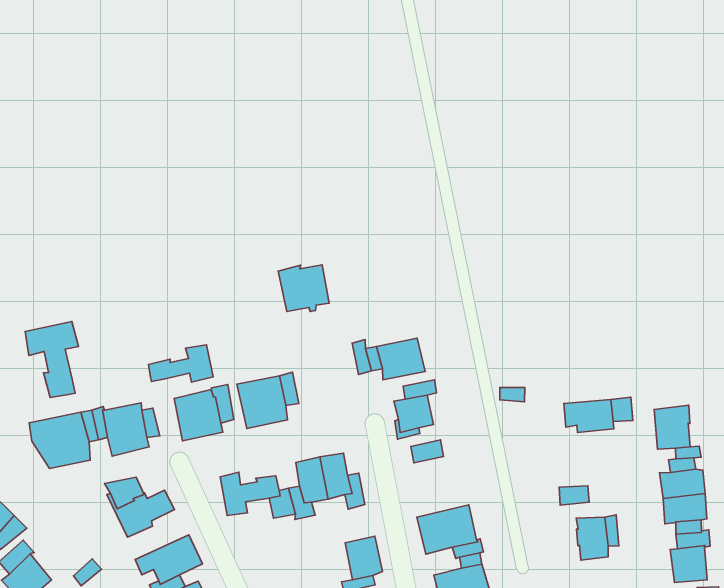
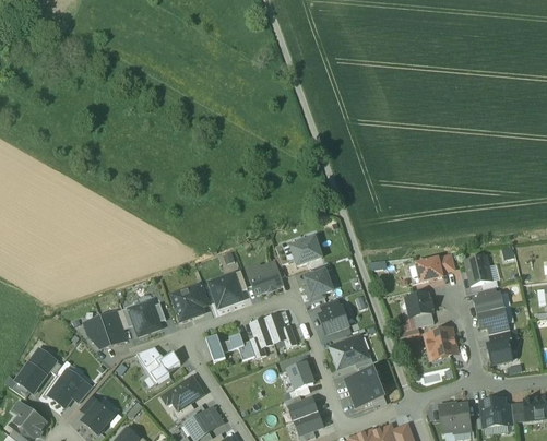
building: [278,265,329,312] -> [248,260,282,291]
building: [25,322,79,398] -> none
building: [149,345,213,382] -> none
building: none -> [405,293,432,317]
building: none -> [320,306,349,333]

